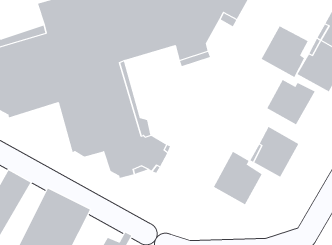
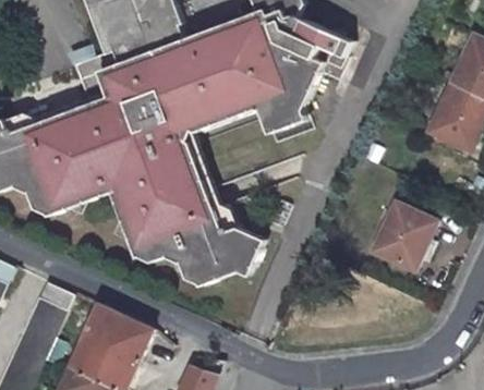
building: [261,25,309,78] -> none
building: [266,79,315,125] -> none
building: [213,151,263,205] -> none

